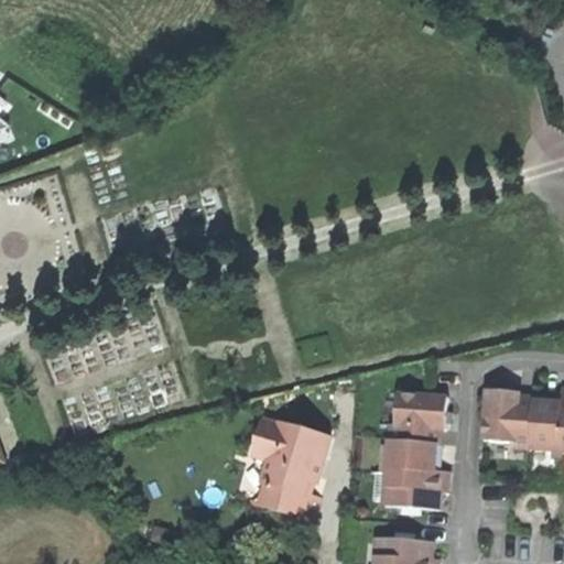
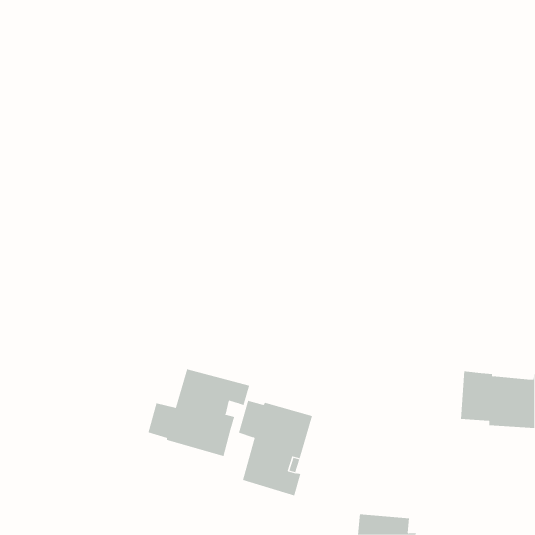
building: none -> [148,368,250,457]
building: [382,392,447,508] -> none

